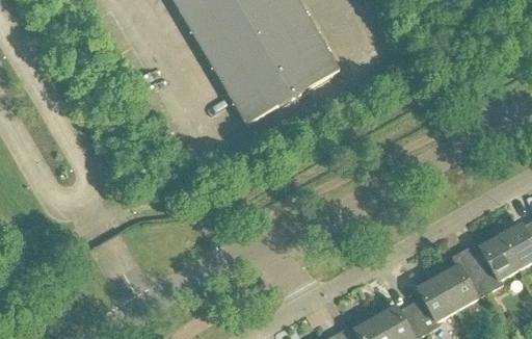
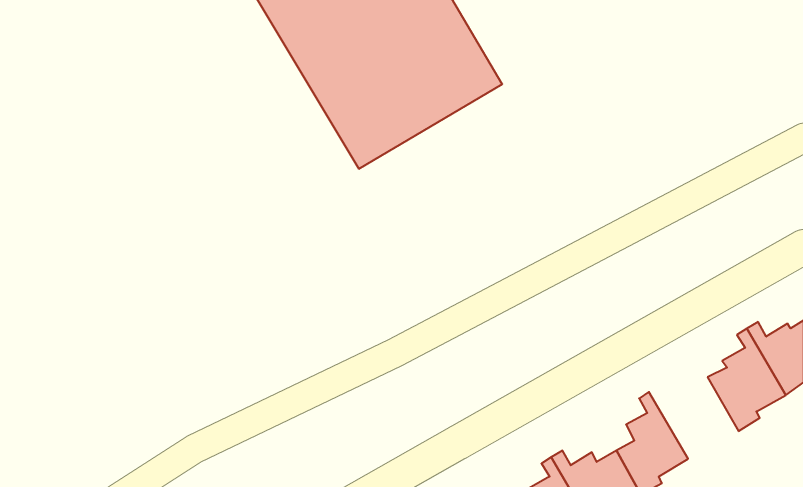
building: [432,258,489,310] -> none

